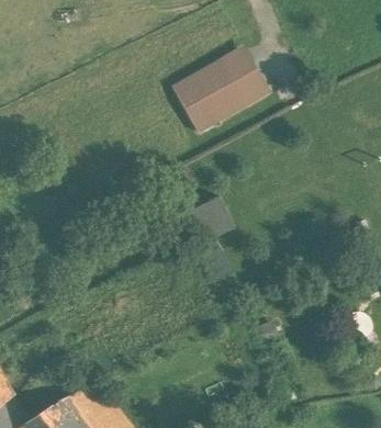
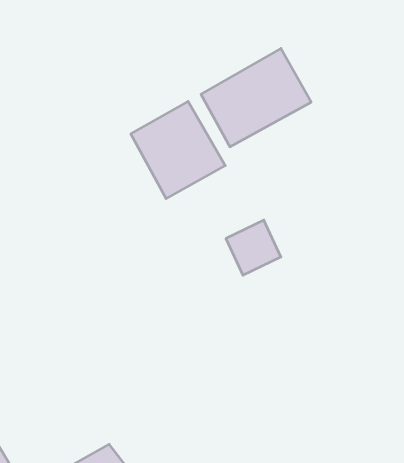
building: none -> [131,101,225,199]

